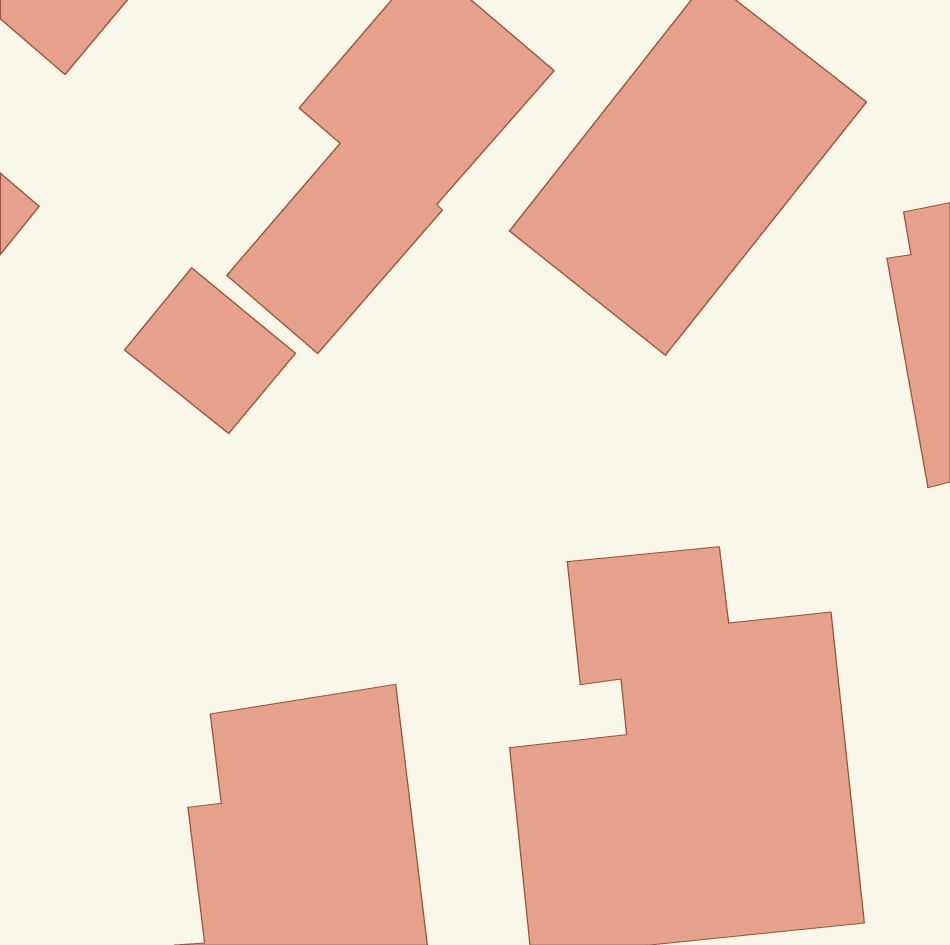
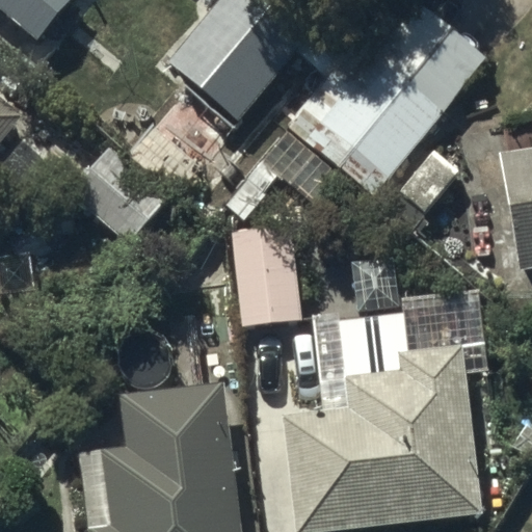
building: none -> [229,197,300,327]

